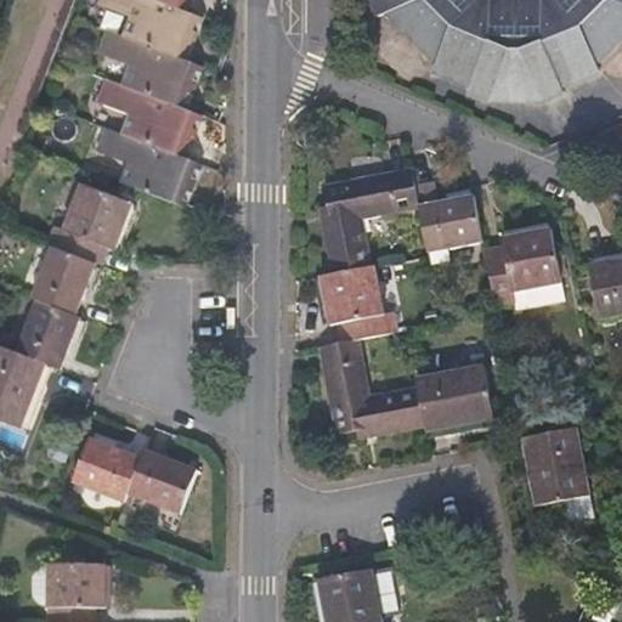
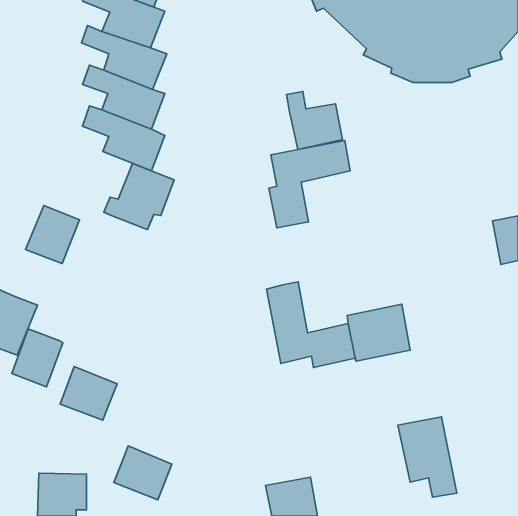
building: [414,180,481,249] -> [287,92,343,150]
building: [46,185,130,264] -> [104,163,174,230]
building: [484,228,561,309] -> none
building: [318,265,392,340] -> none
building: [17,300,78,369] -> [12,329,63,387]
building: [522,428,593,524] -> [398,417,457,497]
building: [126,448,196,513] -> [114,446,172,500]

